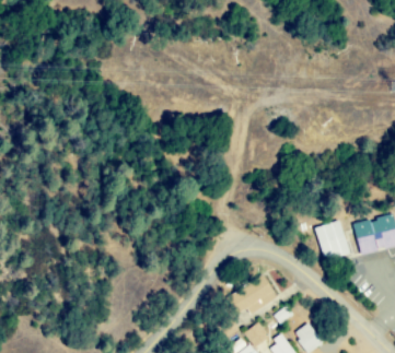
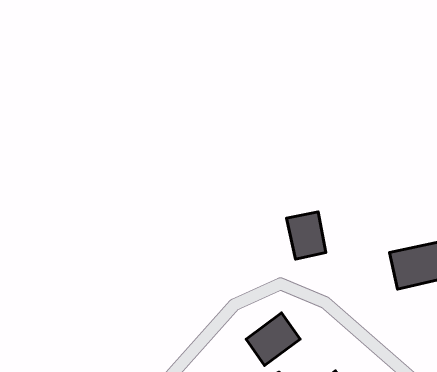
building: [315,222,348,261] -> [286,212,326,259]

